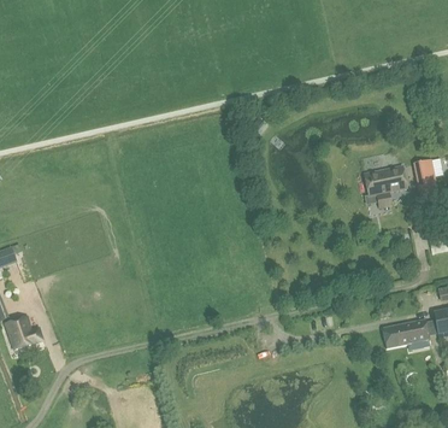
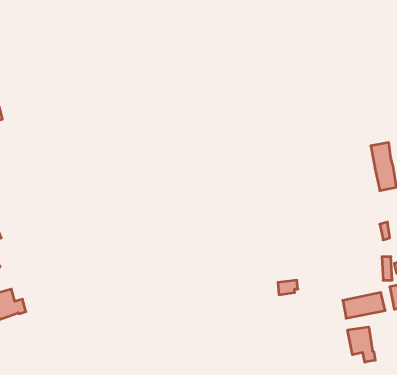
building: [362,164,405,206] -> none
building: none -> [348,327,375,362]

